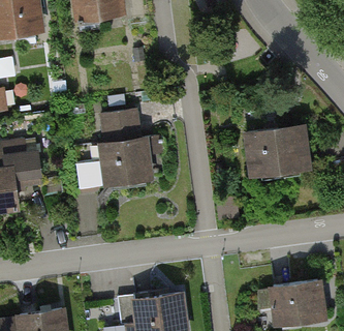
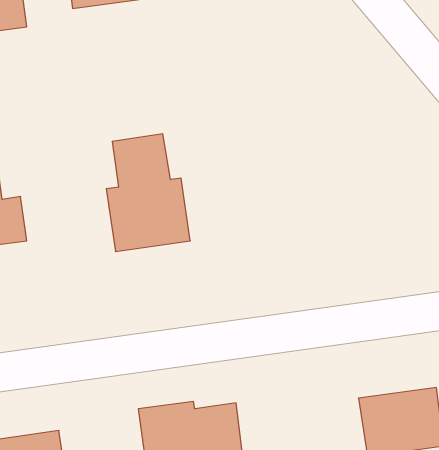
building: [242,125,308,179] -> none

